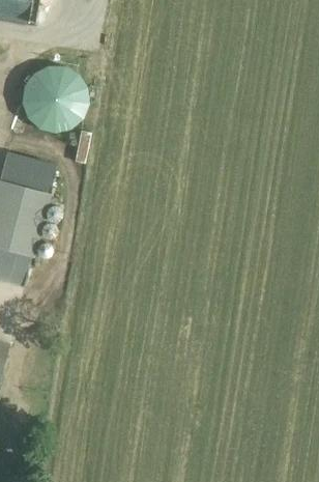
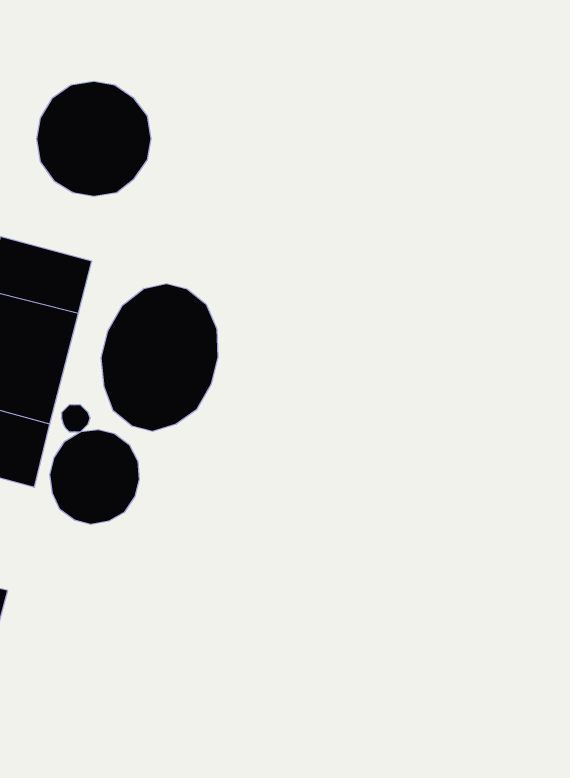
building: none -> [101,284,218,431]
building: none -> [50,429,139,525]

